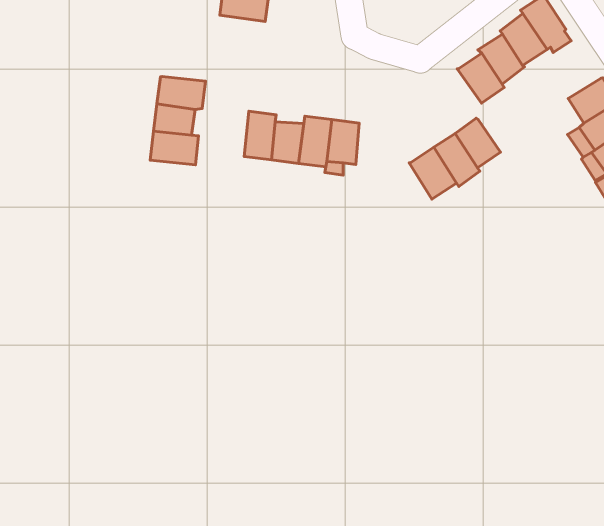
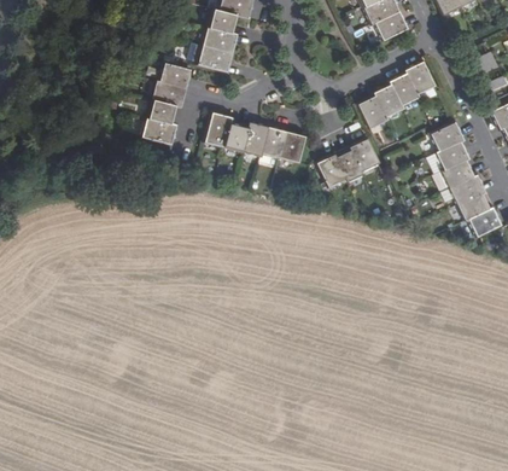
building: none -> [197,45,232,71]
building: none -> [157,63,191,88]
building: none -> [280,130,304,163]

